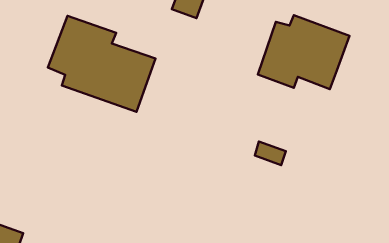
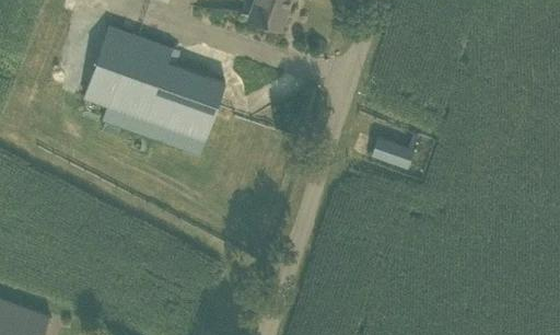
building: [258,15,349,89] -> none
building: [255,141,286,165] -> [372,137,413,169]

